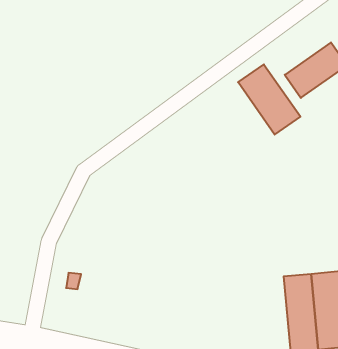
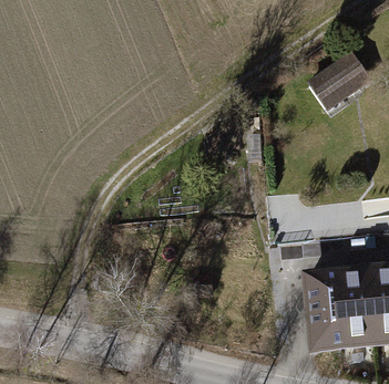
building: [238,64,300,135] -> none

